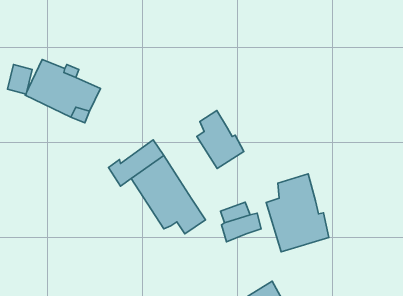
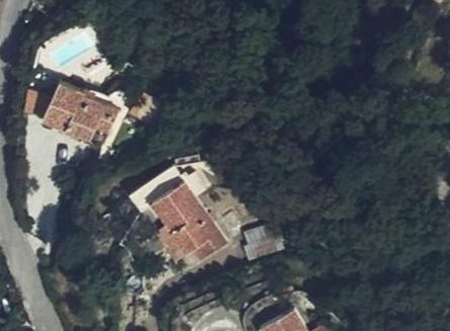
building: [197,111,244,168] -> none
building: [266,174,329,252] -> none

